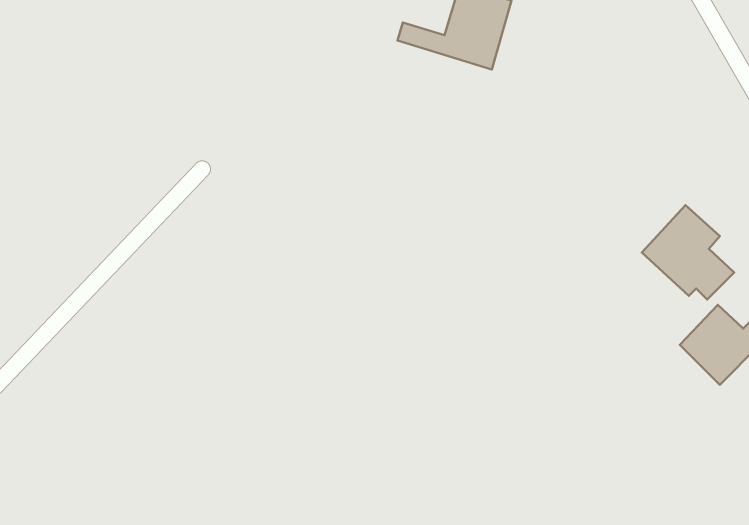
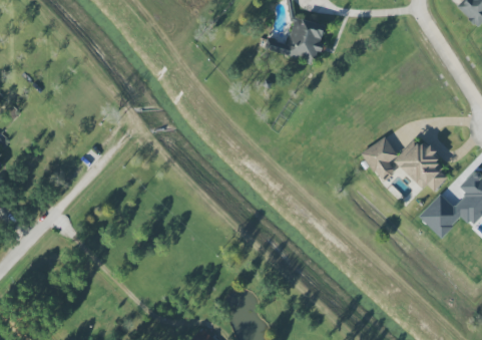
building: none -> [362,136,398,182]

